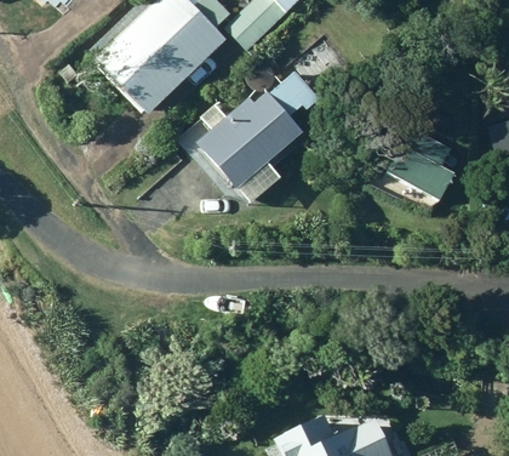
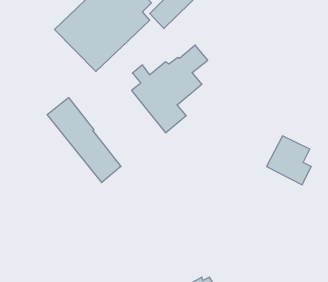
building: [387,129,452,200] -> [267,136,311,185]
building: none -> [47,98,121,183]

